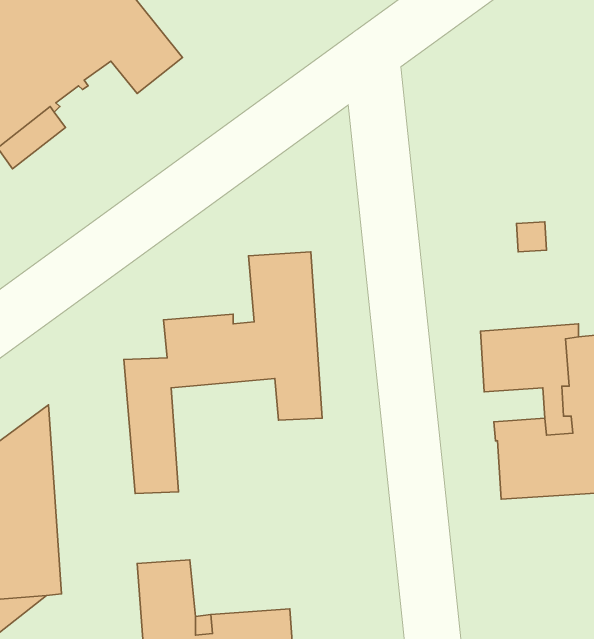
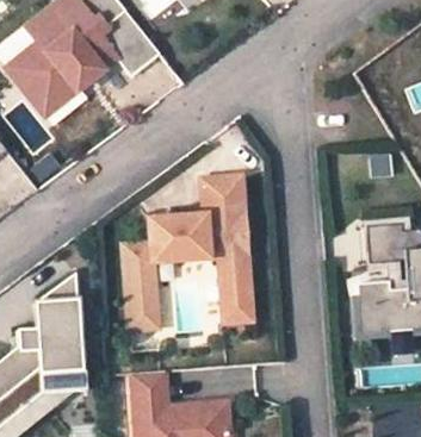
building: none -> [219,282,250,324]

